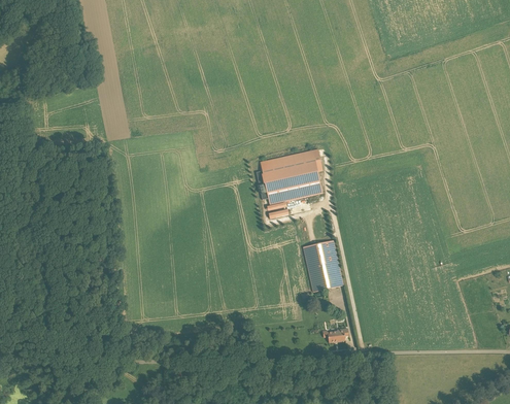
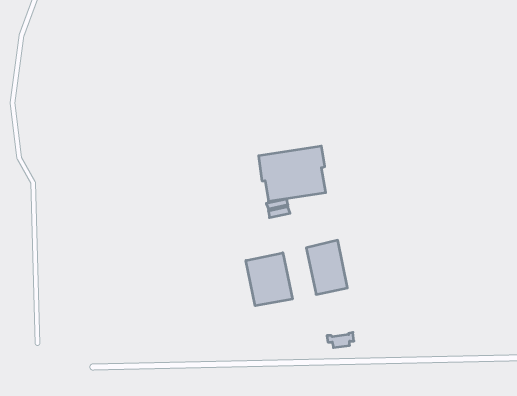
building: none -> [246,253,292,306]

